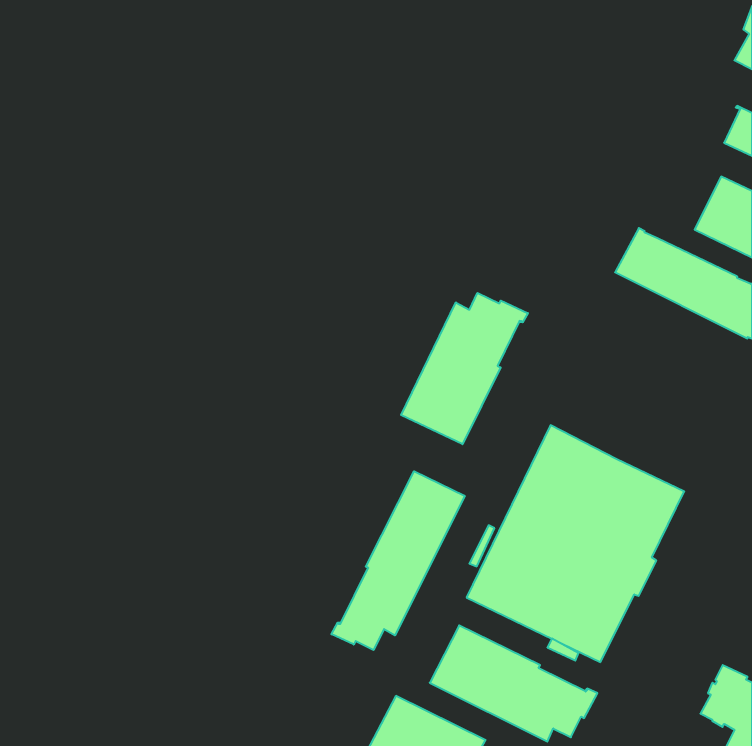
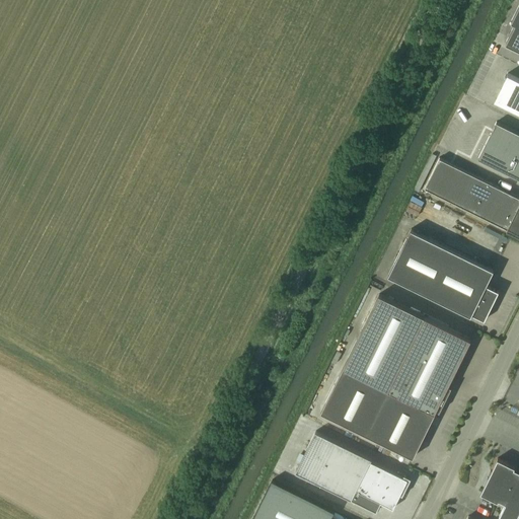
building: [401,293,528,444] -> none
building: none -> [388,233,499,323]
building: [331,471,465,650] -> none

